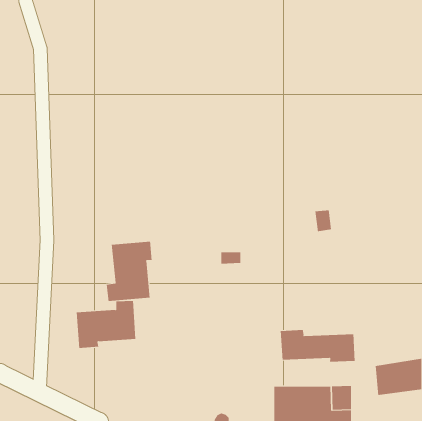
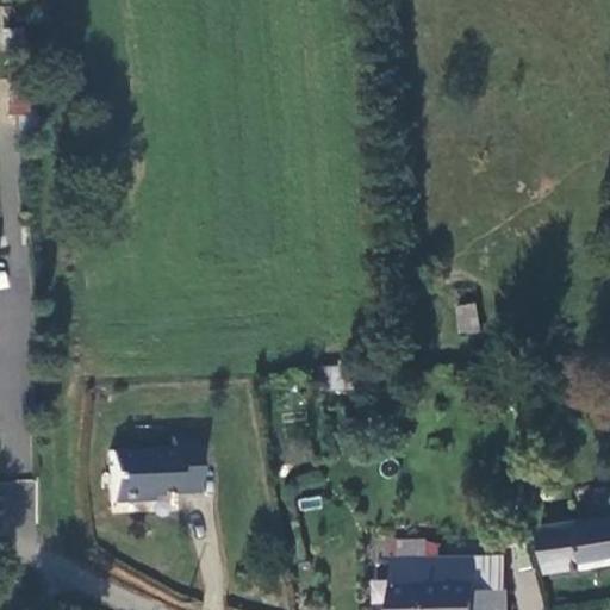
building: [106,241,152,302] -> none
building: [280,329,355,362] -> none

